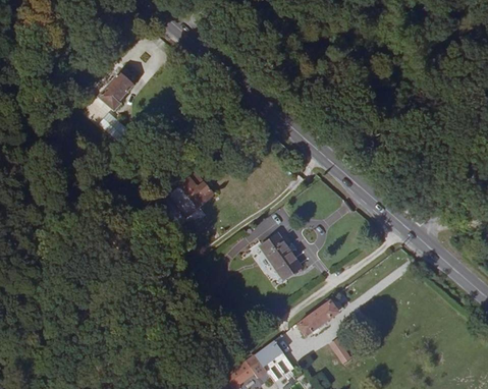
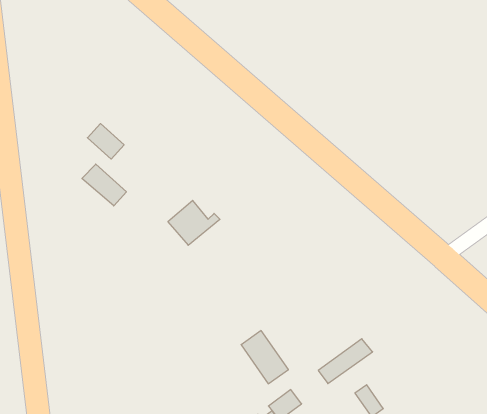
building: [98,72,131,111] -> none
building: none -> [82,164,126,206]
building: [260,234,301,280] -> [241,331,288,384]

